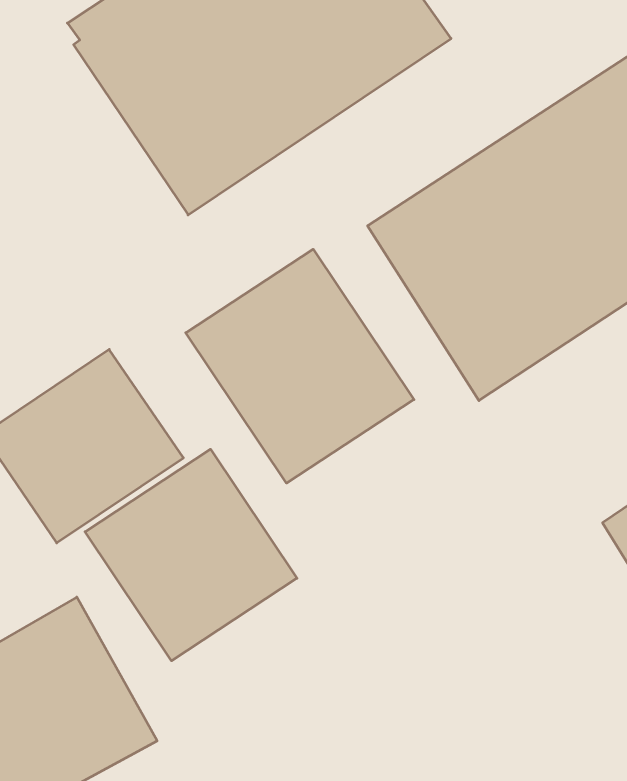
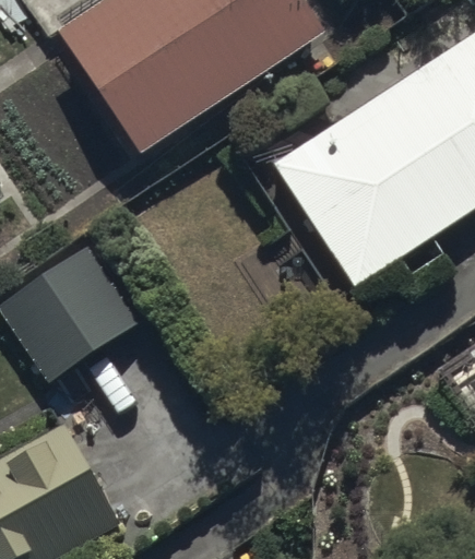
building: [186,249,414,483] -> none
building: [85,449,297,661] -> none

